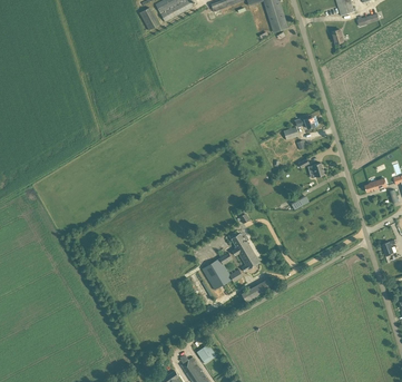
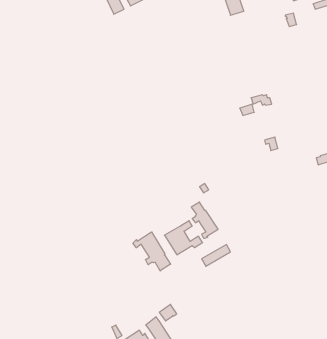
building: none -> [133,232,171,271]

